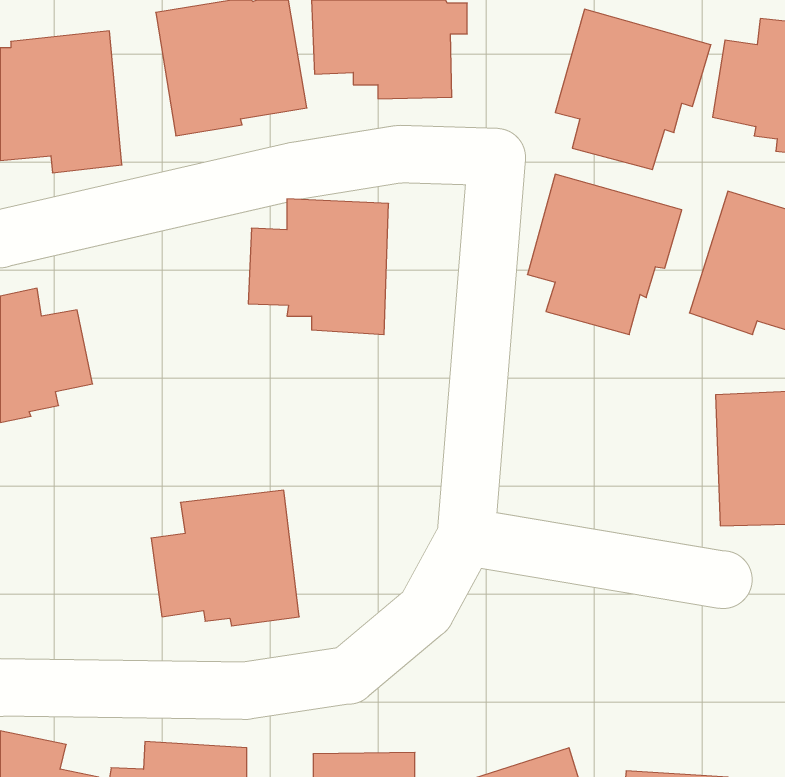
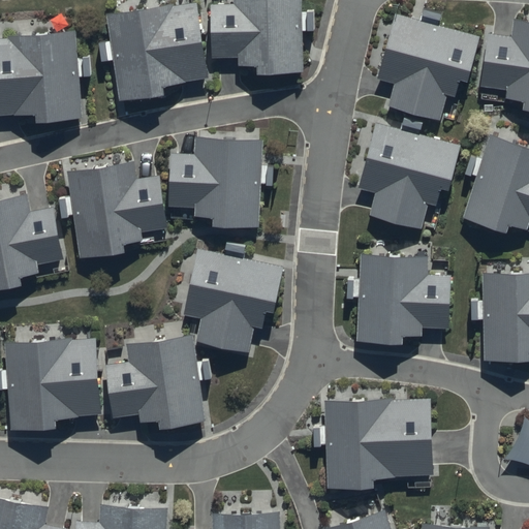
building: none -> [68,167,167,261]
building: none -> [180,247,282,354]
building: none -> [355,254,448,341]
building: none -> [6,341,101,433]
building: none -> [324,397,433,487]

